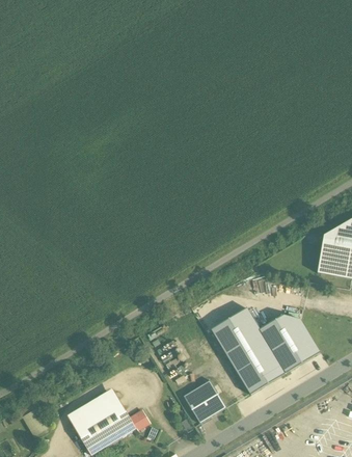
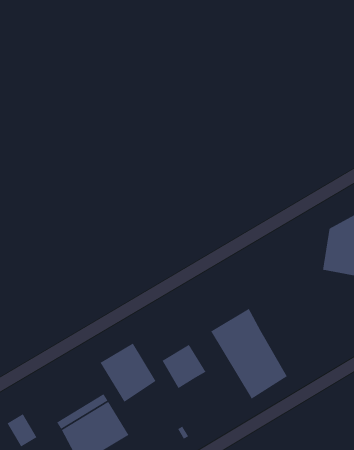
building: [260,315,320,372] -> none
building: none -> [100,342,156,403]
building: [184,379,226,422] -> [161,344,207,389]

